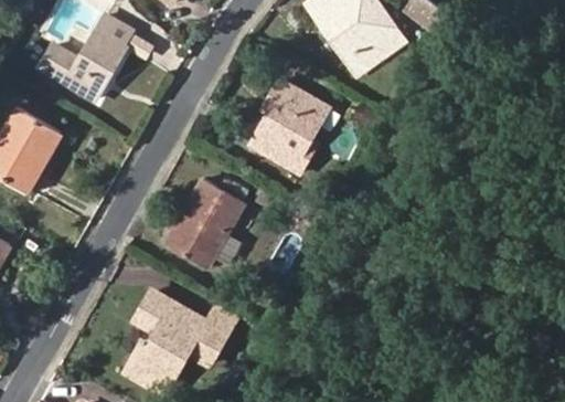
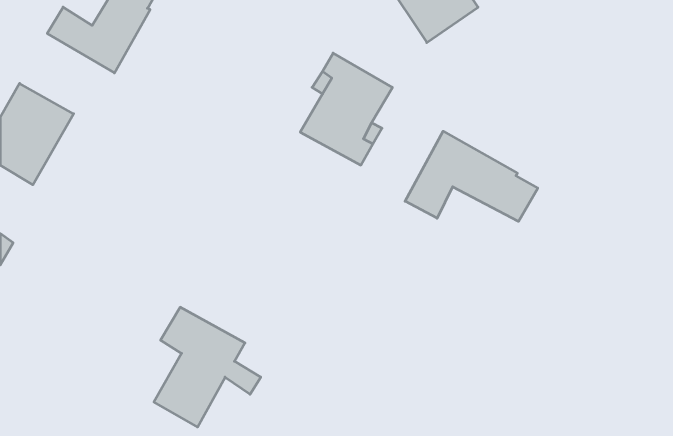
building: none -> [405,131,538,221]
building: [168,176,246,266] -> none
building: [196,306,237,352] -> none

